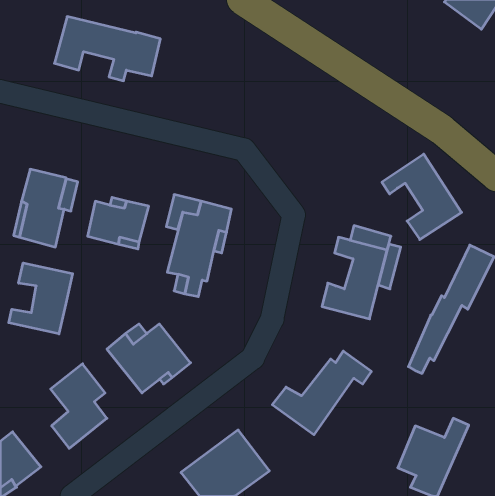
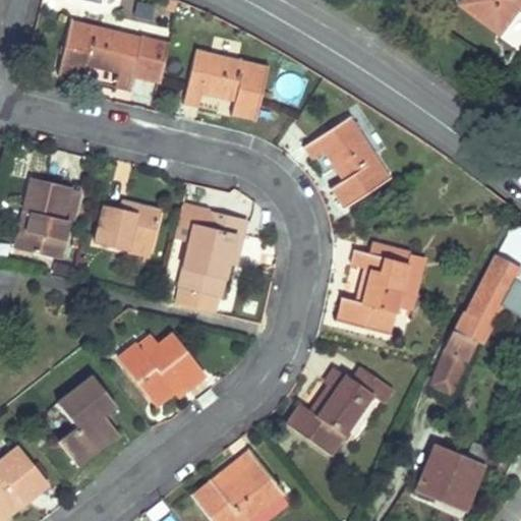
building: none -> [184,49,270,119]
building: [382,154,462,240] -> [306,117,390,207]
building: [9,263,73,334] -> none

